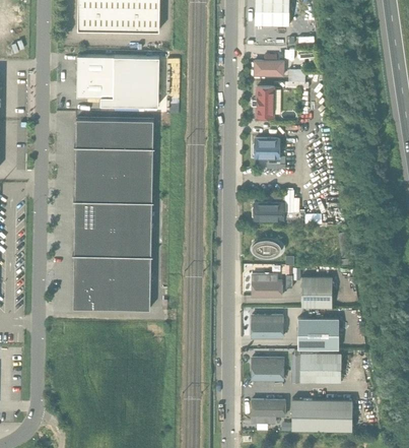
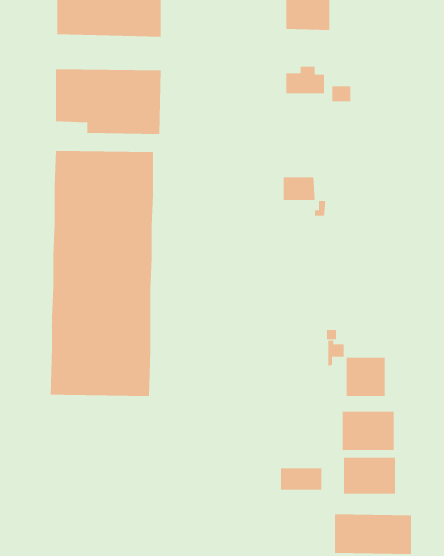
building: [254,86,278,118] -> none
building: [253,197,280,220] -> none
building: [258,236,286,254] -> none
building: [253,276,278,298] -> none
building: [252,317,284,340] -> none
building: [252,398,287,423] -> none

